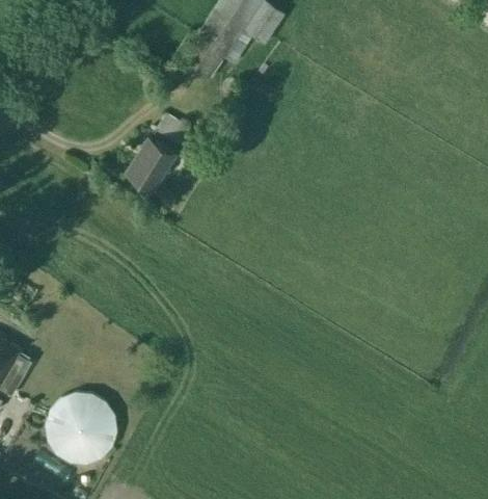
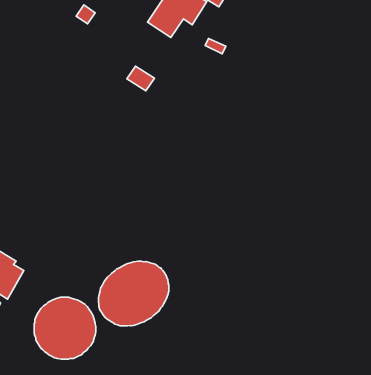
building: [127,137,173,188] -> none
building: none -> [98,261,169,326]

